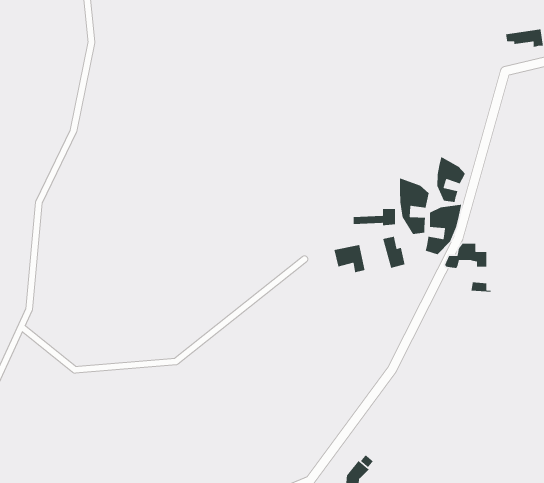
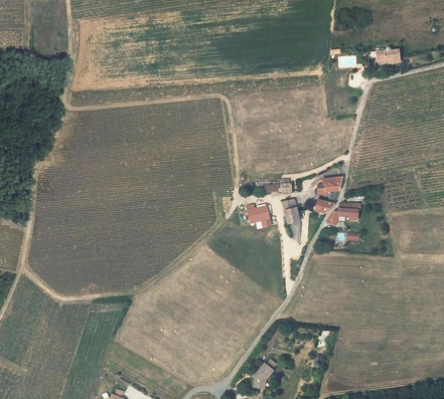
building: [437,156,466,203] -> none
building: [399,177,430,235] -> none

